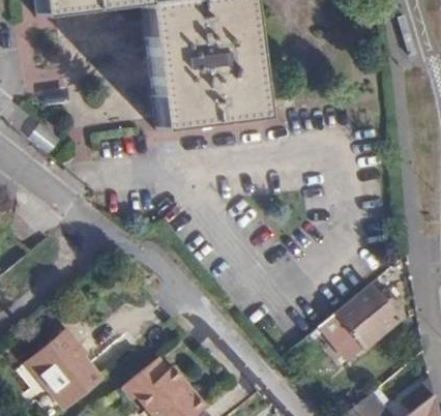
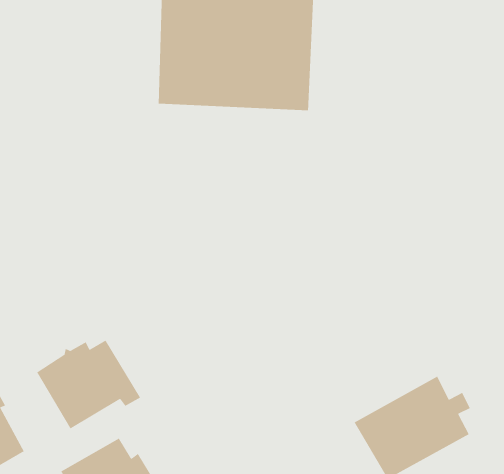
building: none -> [36,340,141,430]

